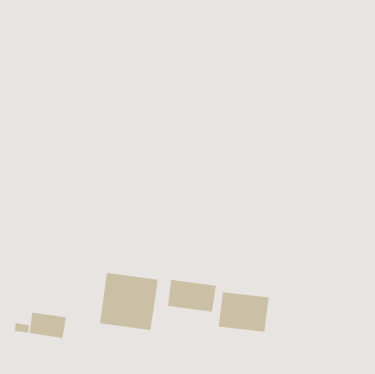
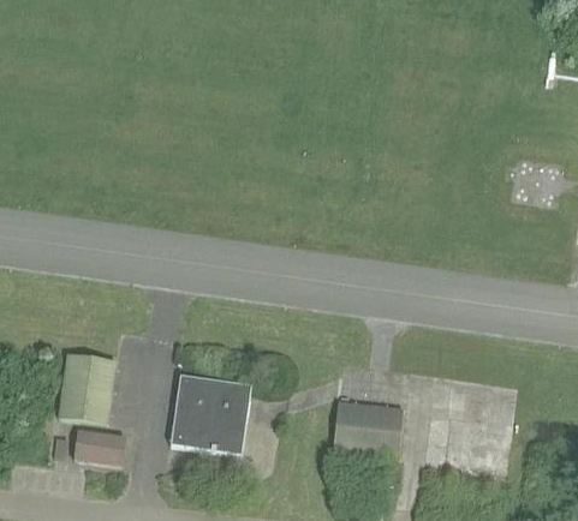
building: none -> [59,353,115,424]
building: [168,279,216,312] -> none

